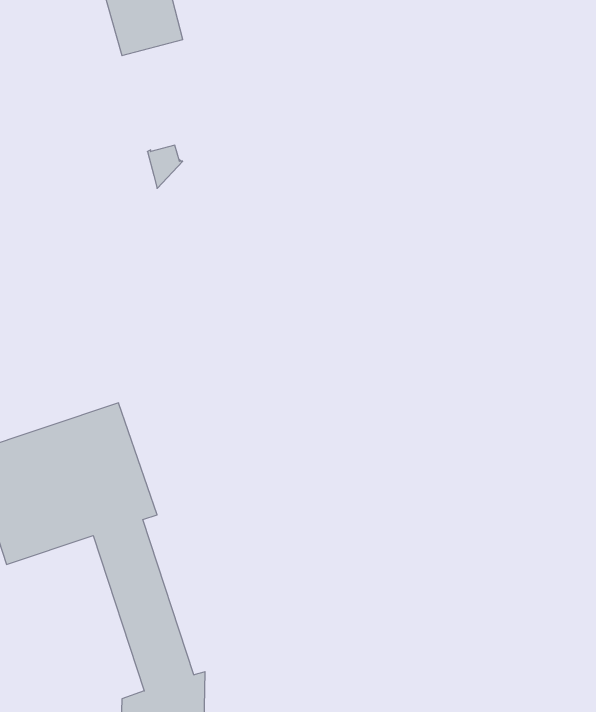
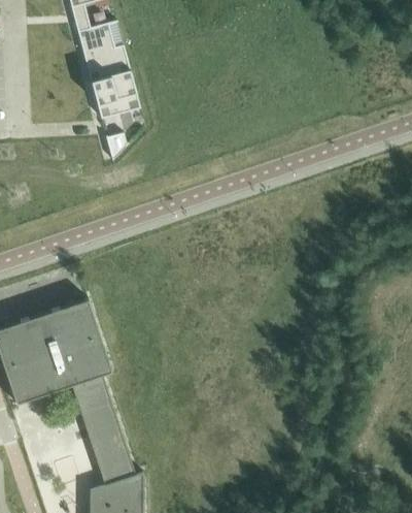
building: none -> [90,65,140,119]

